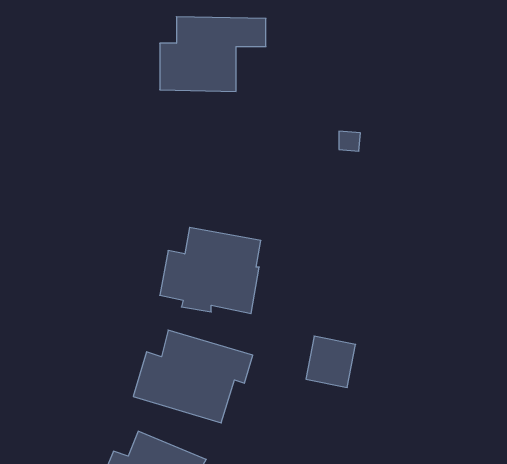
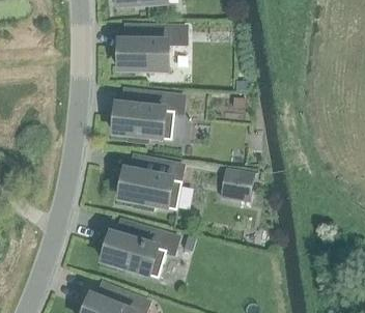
building: none -> [112,90,182,142]
building: [306,336,356,387] -> [220,166,251,198]

